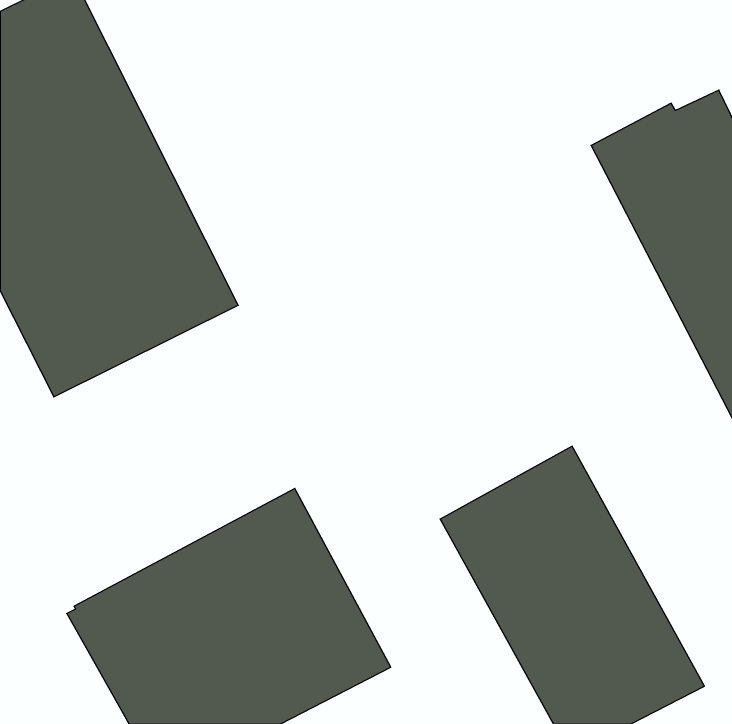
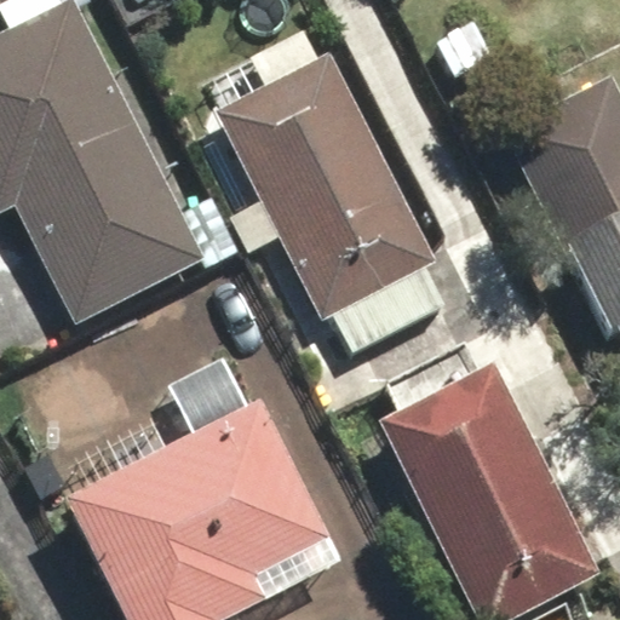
building: none -> [220,54,440,316]

